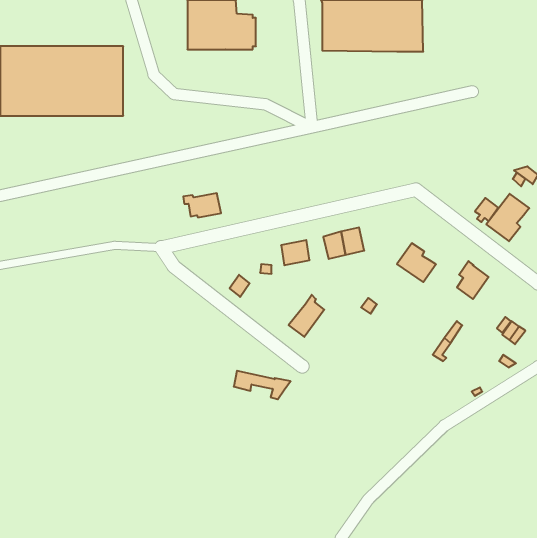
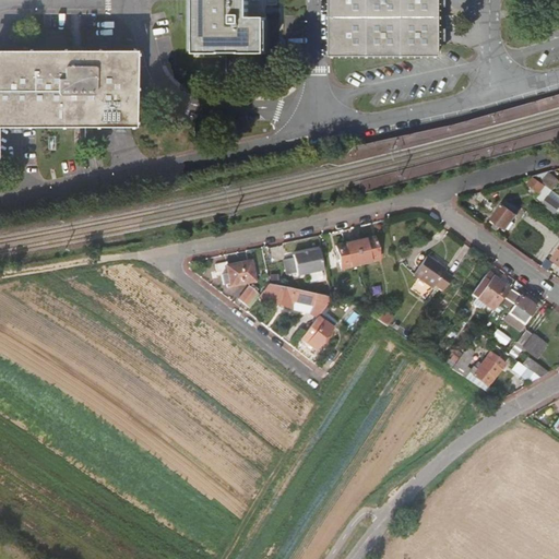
building: [183,193,221,217] -> [214,260,253,285]
building: [486,194,529,241] -> none
building: none -> [504,289,535,324]
building: none -> [469,353,504,385]
building: [234,371,291,399] -> [272,286,331,316]

